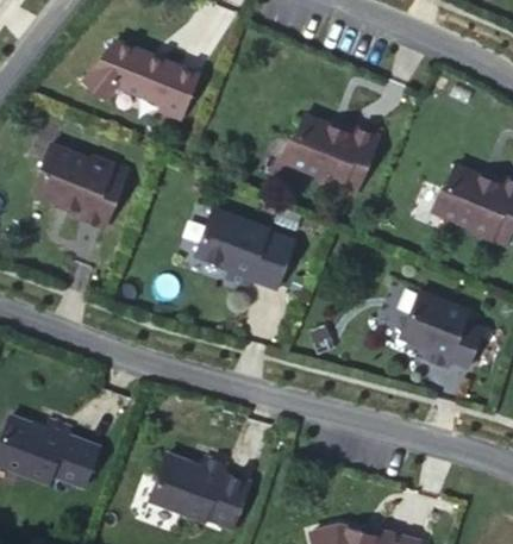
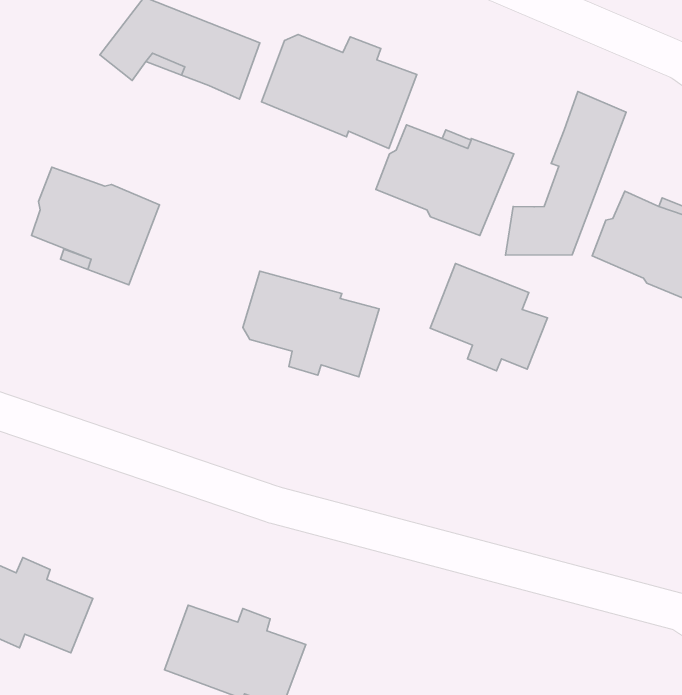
building: none -> [261,35,417,148]
building: none -> [506,92,626,255]
building: [395,289,477,364] -> [430,263,548,371]

